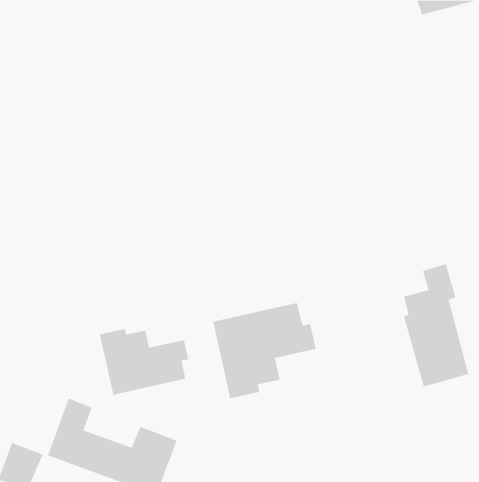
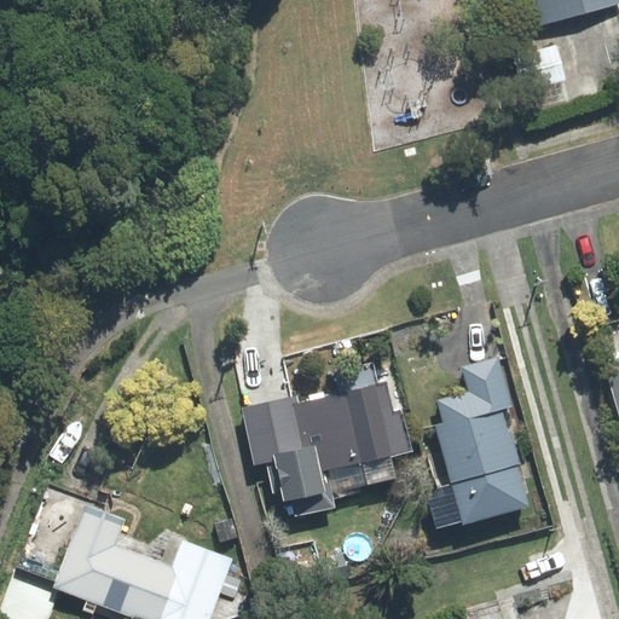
building: [403,263,469,387] -> [439,360,523,519]
building: [99,328,189,395] -> none

